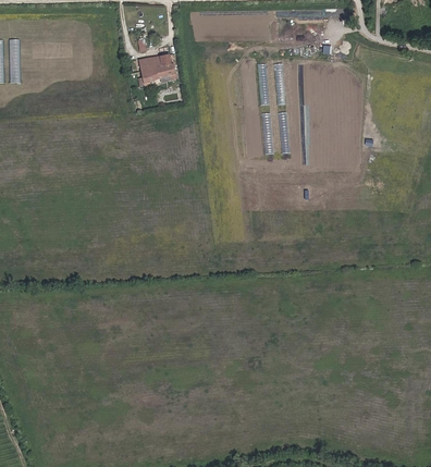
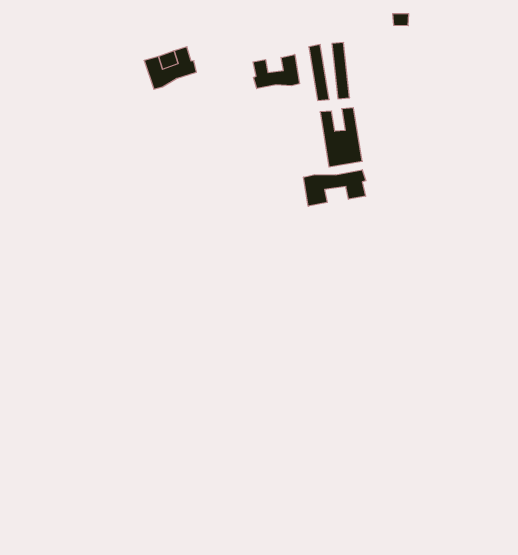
building: none -> [253,54,299,89]
building: none -> [304,170,366,206]

